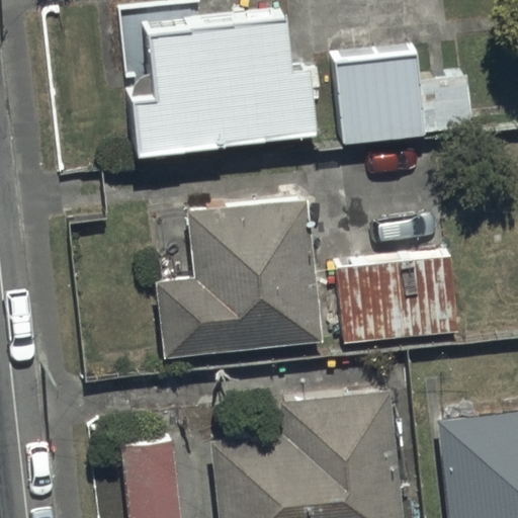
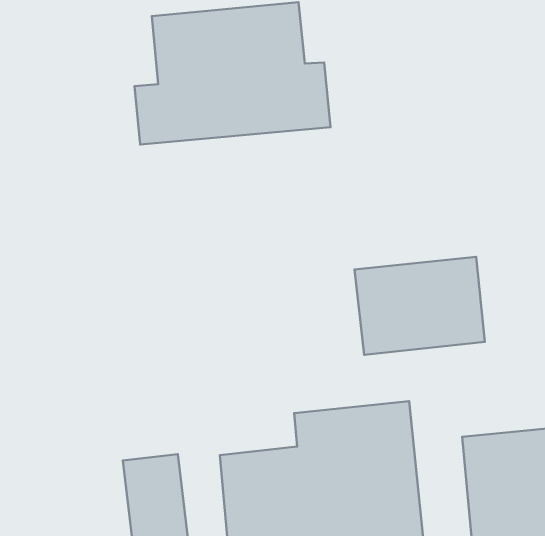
building: [334,54,473,144] -> none
building: [157,198,319,357] -> none

